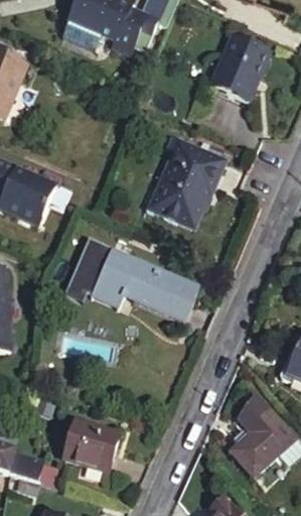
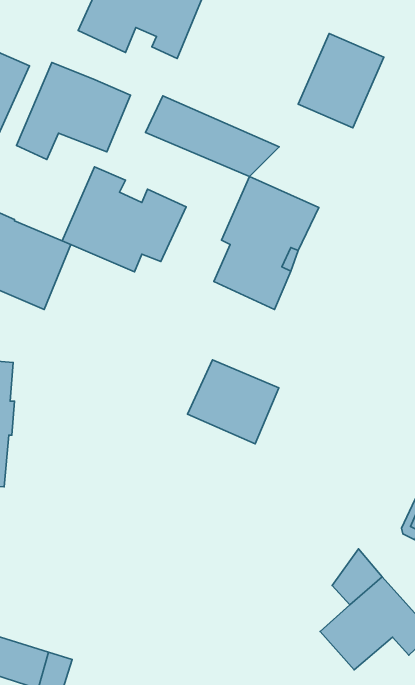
building: none -> [16,62,131,159]
building: none -> [146,96,279,177]
building: [68,233,153,304] -> [62,167,186,272]
building: [60,423,116,475] -> none

